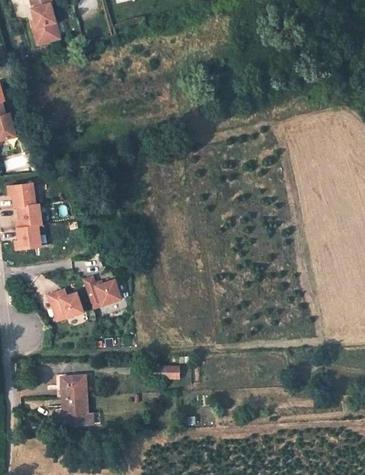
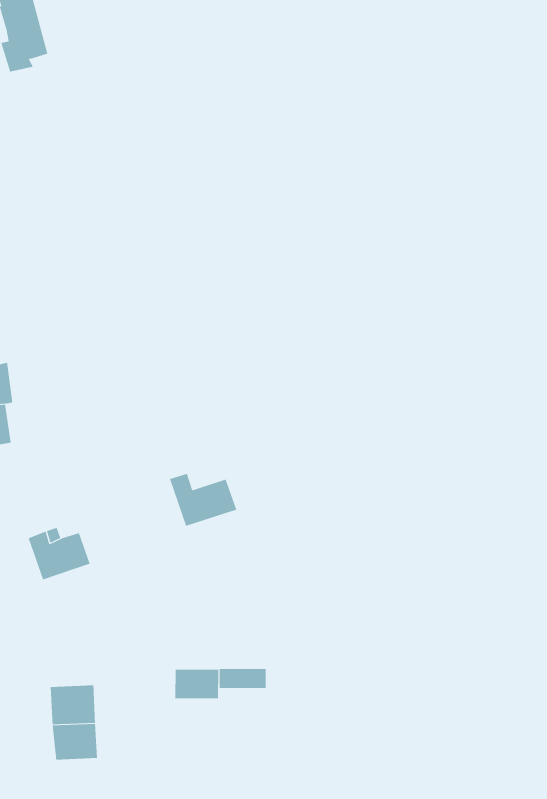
building: [82,278,119,307] -> [169,473,237,526]
building: none -> [175,669,219,699]

